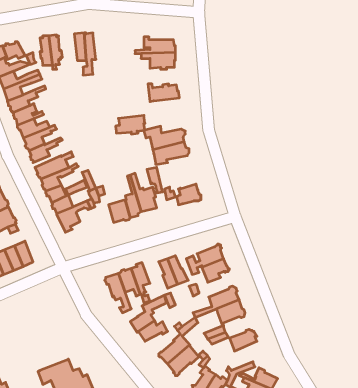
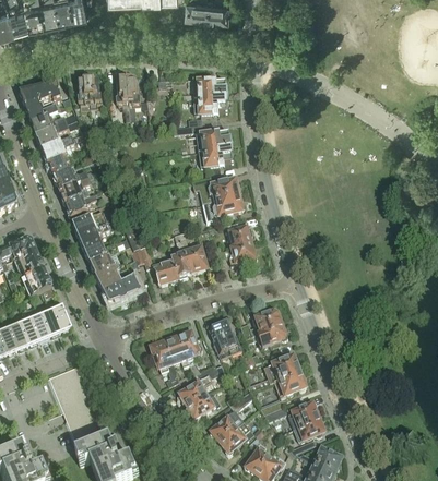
building: [116,115,145,134] -> [201,146,234,167]
building: none -> [227,219,253,248]
building: none -> [106,277,141,303]
building: none -> [47,363,108,449]
building: none -> [294,417,325,441]

